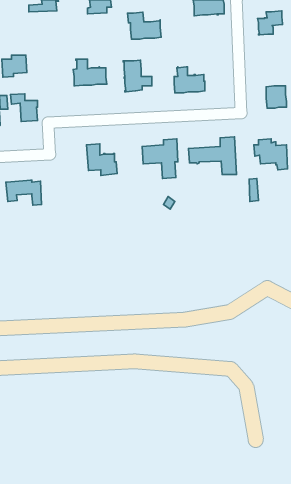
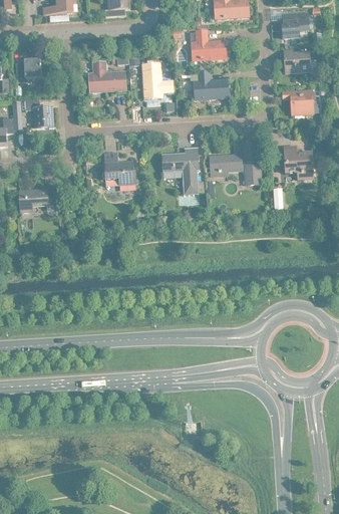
building: [127,12,161,39] -> [191,31,226,59]
building: none -> [285,50,309,72]

